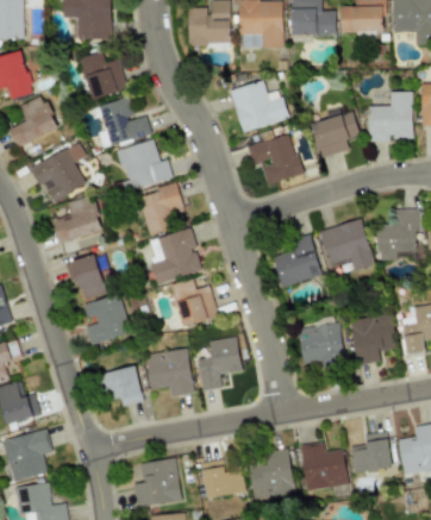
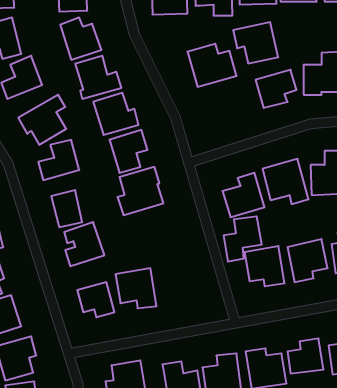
building: [248,134,301,183] -> [233,22,278,63]
building: [171,278,218,326] -> none
building: [196,337,242,390] -> [224,216,262,262]

